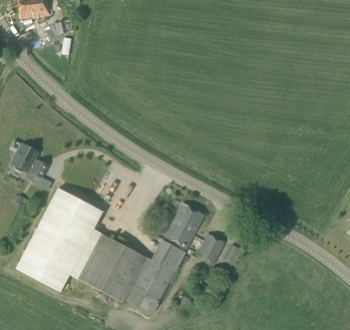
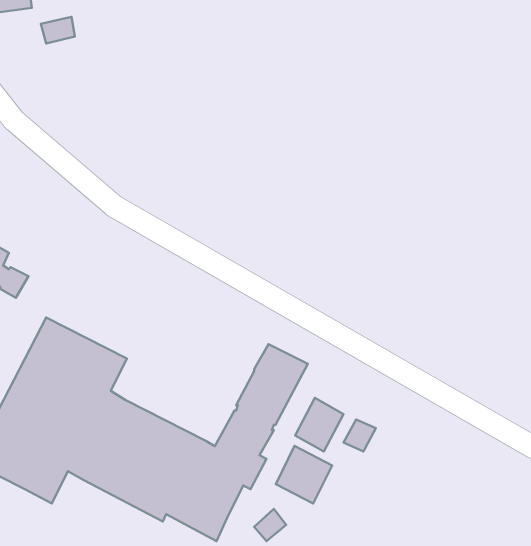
building: none -> [276,446,332,504]

